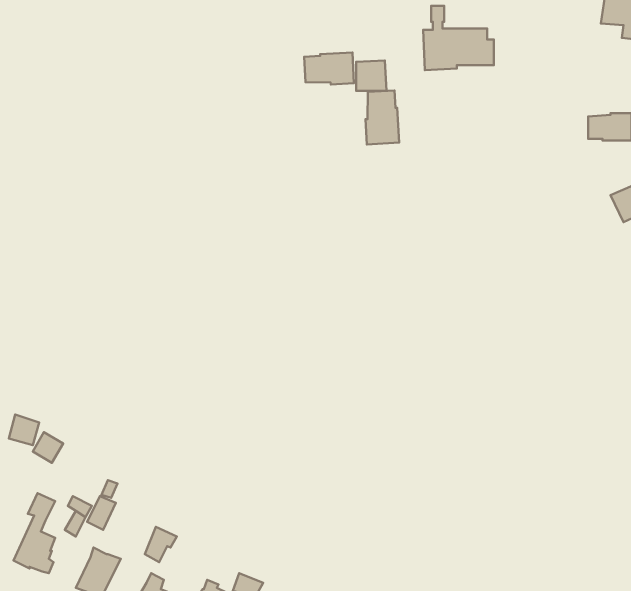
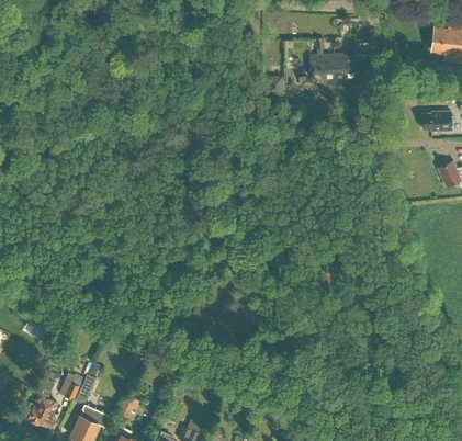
building: [304,52,354,84] -> none
building: [366,90,399,144] -> none

